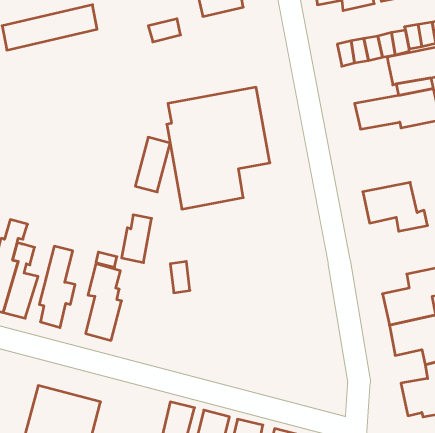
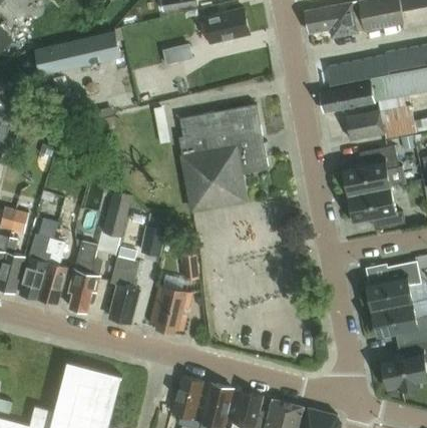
building: none -> [320,83,374,112]
building: none -> [343,145,398,194]
building: [135,137,170,192] -> [101,189,131,237]
building: none -> [149,286,190,333]

